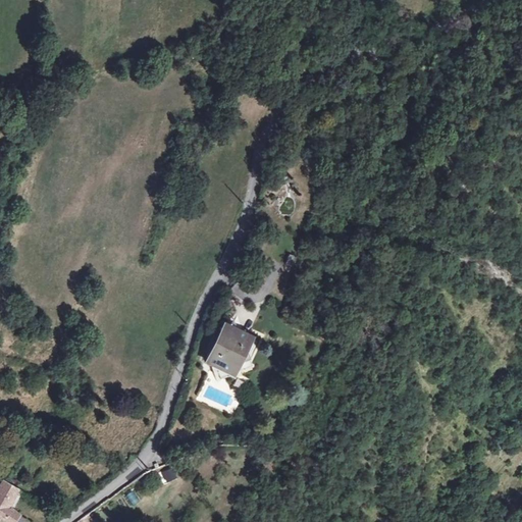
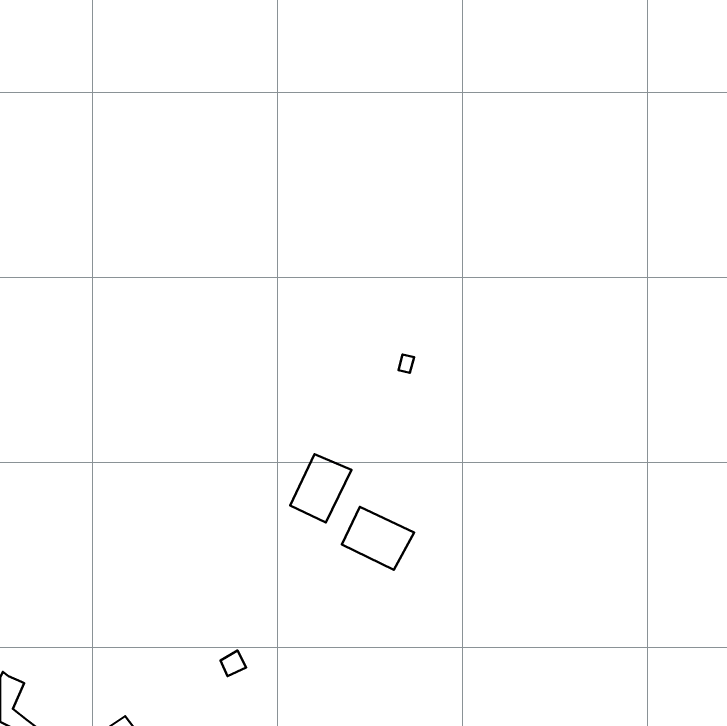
building: none -> [342,507,414,570]

